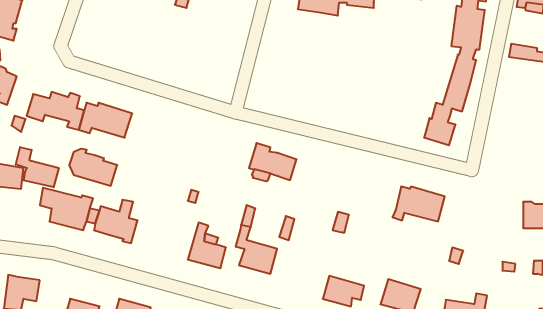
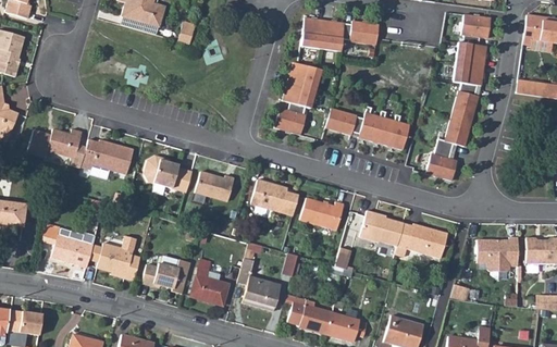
building: none -> [275,61,322,134]
building: none -> [326,106,410,149]
building: none -> [196,170,235,200]
building: [16,147,59,187] -> none
building: [69,149,117,186] -> [146,154,194,191]
building: none -> [301,197,344,231]
building: none -> [360,210,404,245]
building: none -> [476,236,518,271]
building: none -> [143,258,191,293]
building: none -> [284,294,332,334]

